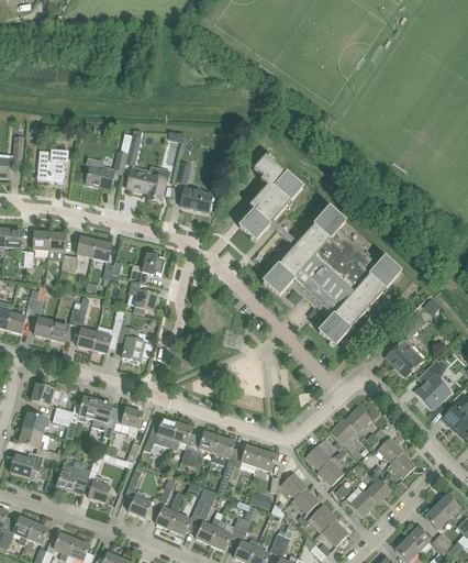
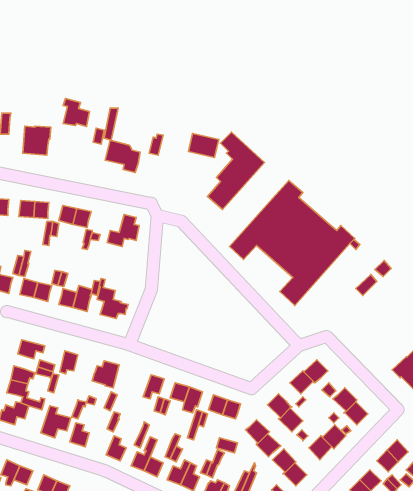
building: [86,156,114,187] -> [63,98,89,126]
building: [180,186,213,212] -> [189,134,219,158]
building: [130,280,157,314] -> none
building: [389,339,423,375] -> none
building: [416,358,450,408] -> none
building: [91,400,116,437] -> none
building: [144,417,178,451] -> none

